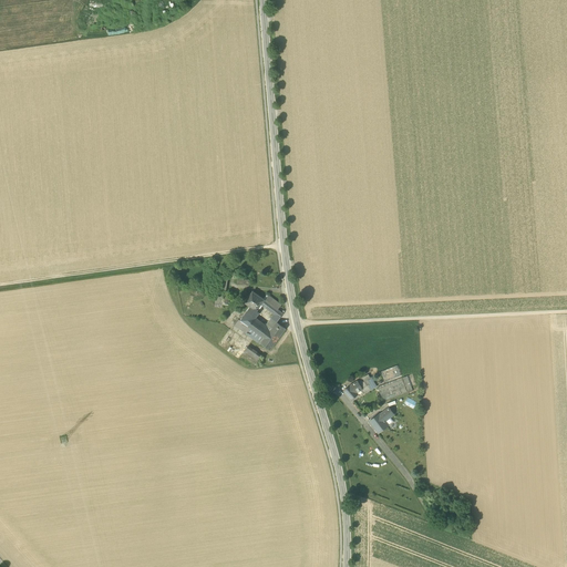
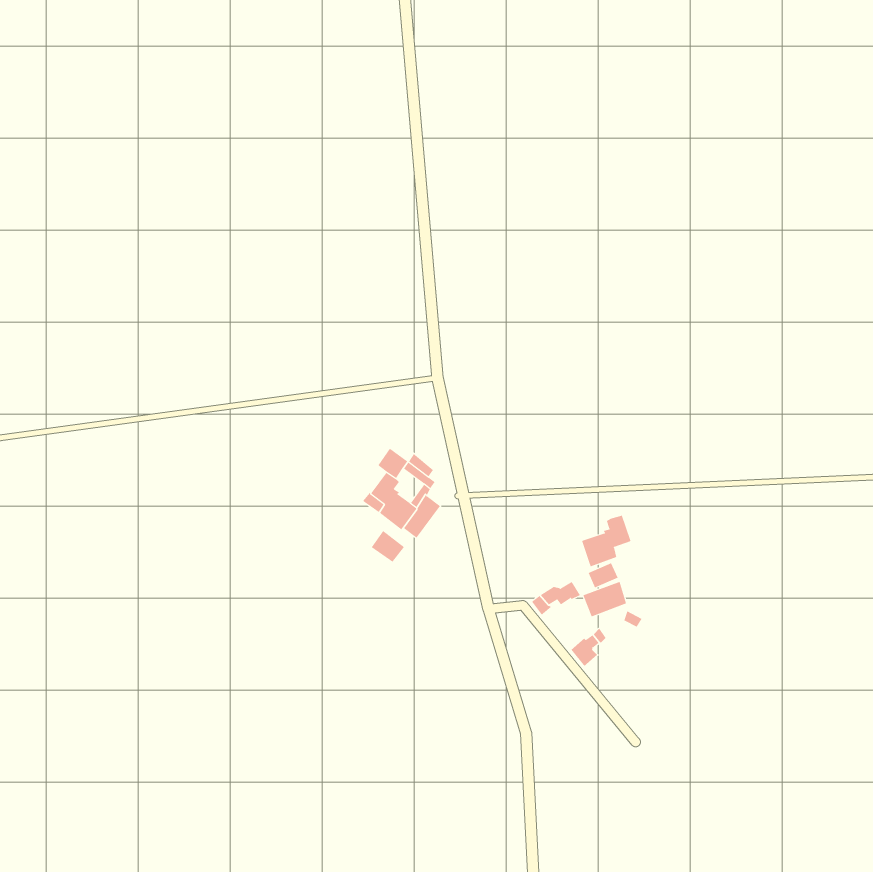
building: none -> [582,515,631,567]

